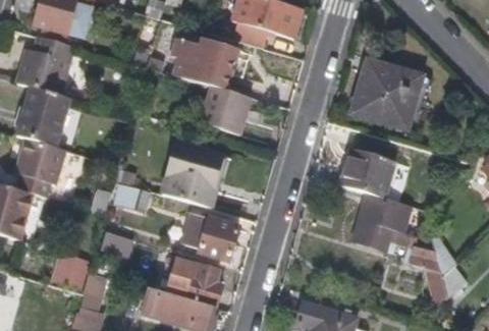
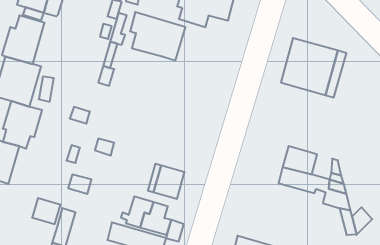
building: [200,85,251,135] -> none
building: [162,141,227,205] -> none
building: [340,149,396,200] -> none

